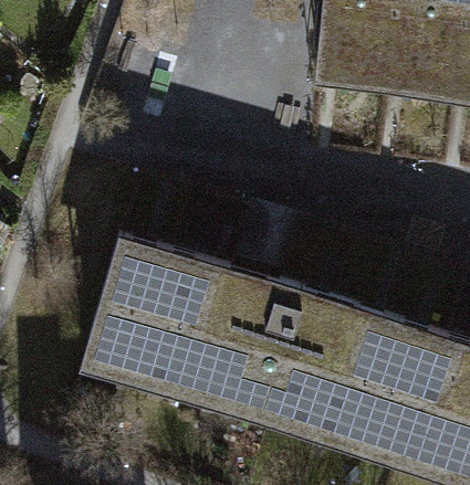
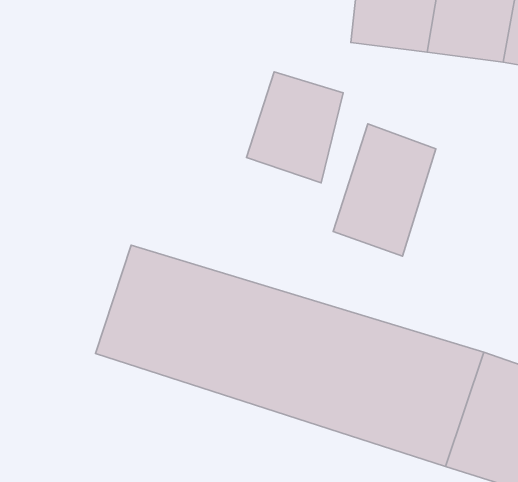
building: none -> [246,72,343,183]
building: none -> [333,124,436,256]

